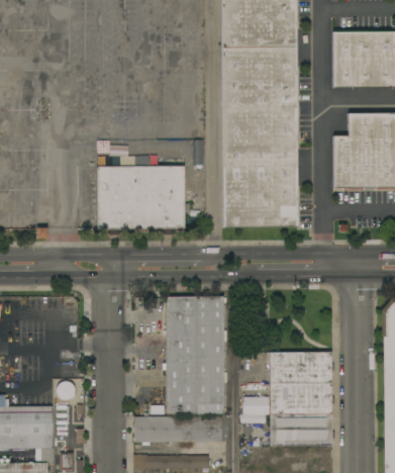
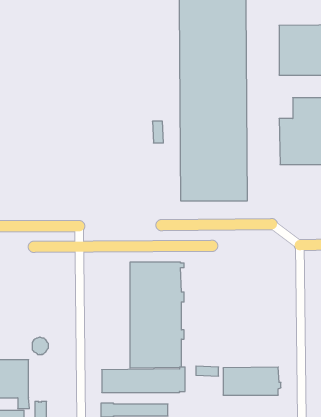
building: [97,166,185,234] -> none
building: [262,351,334,414] -> none

